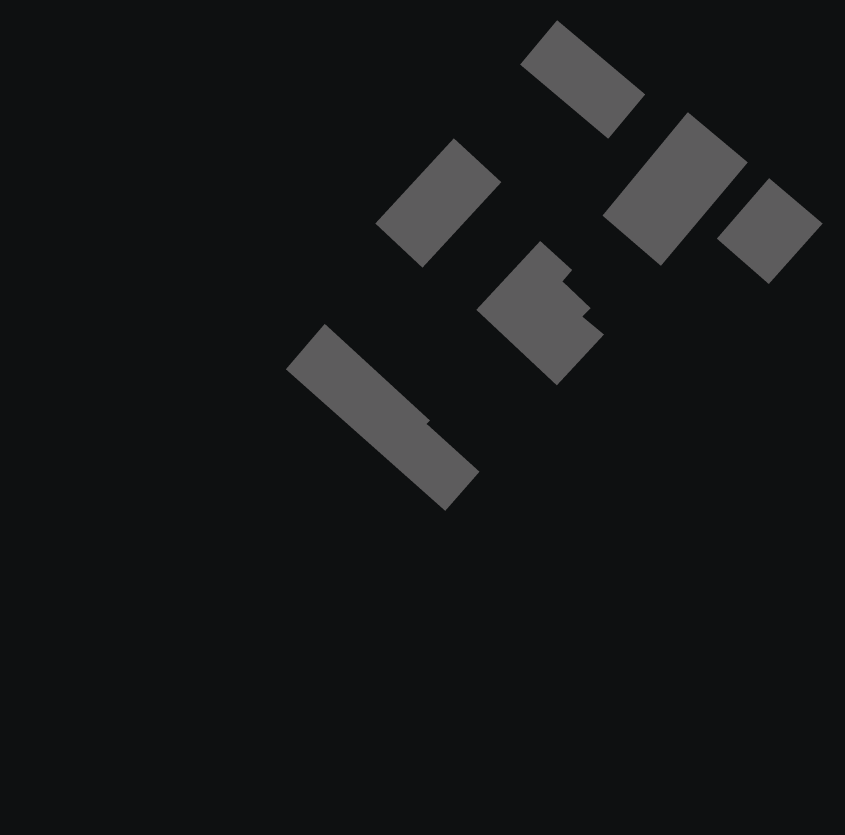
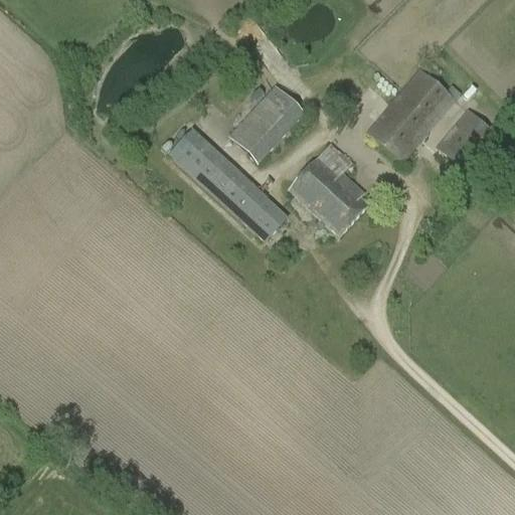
building: [519,19,646,140] -> none
building: [285,323,480,512] -> [168,127,287,241]

